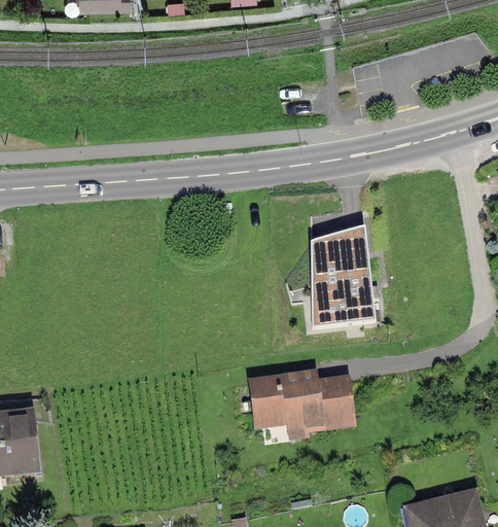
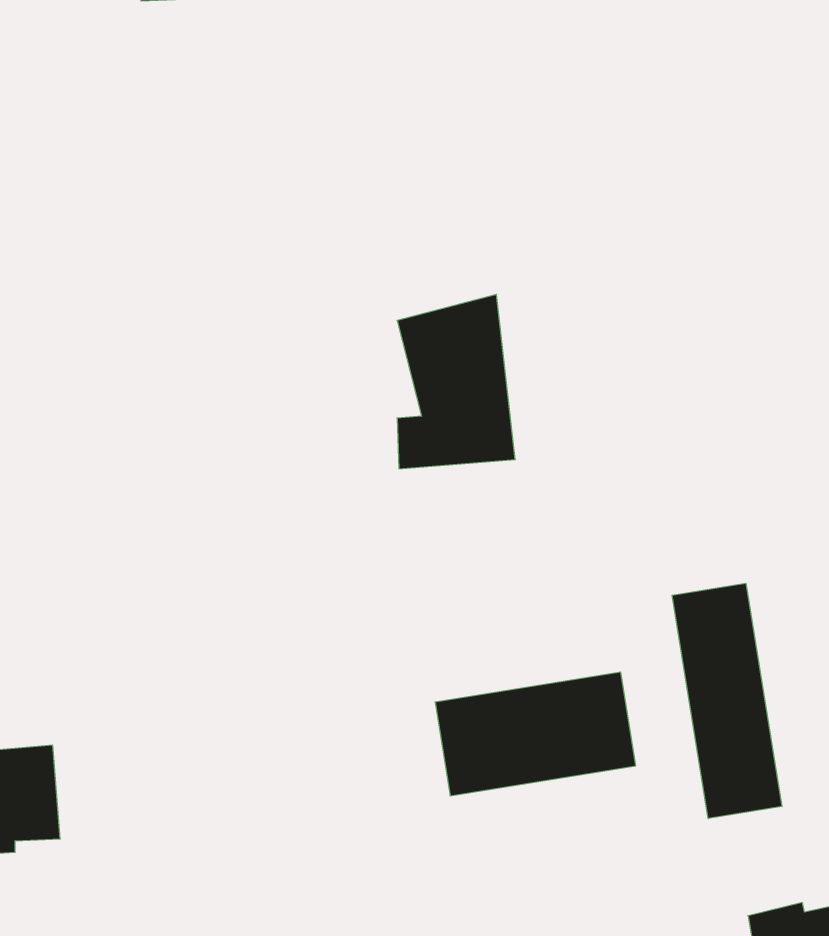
building: [311,224,376,320] -> [397,294,515,469]
building: none -> [672,583,782,819]

